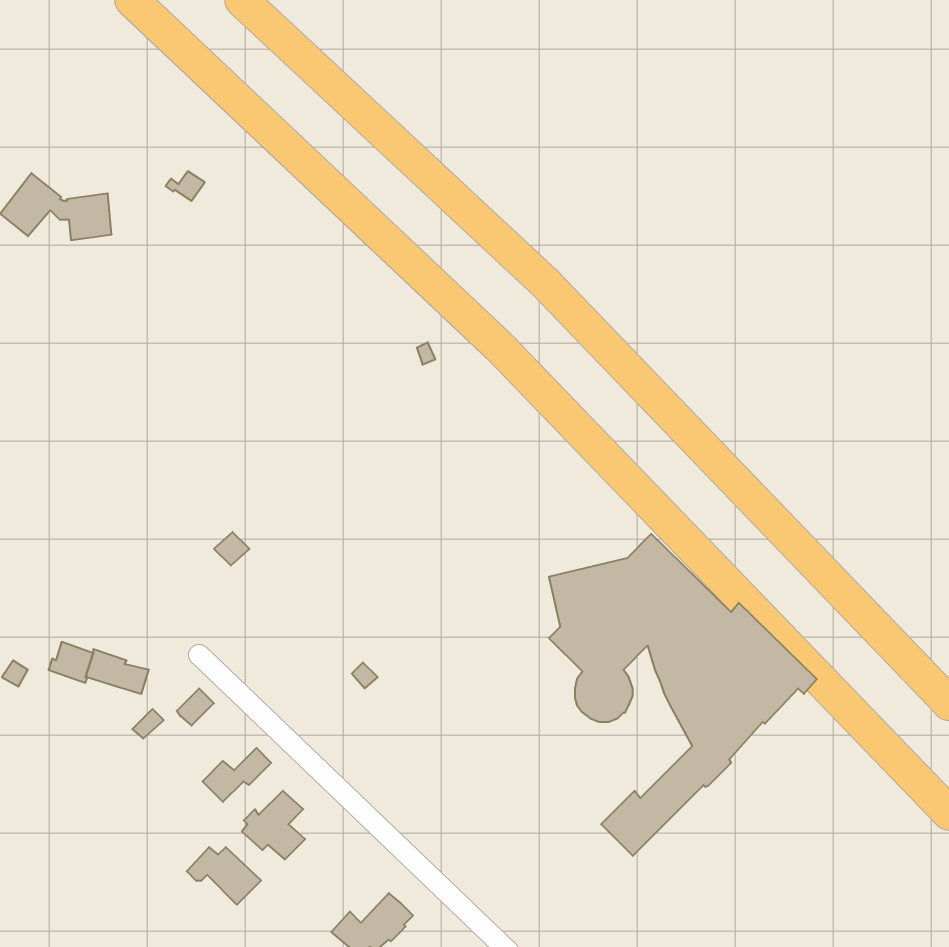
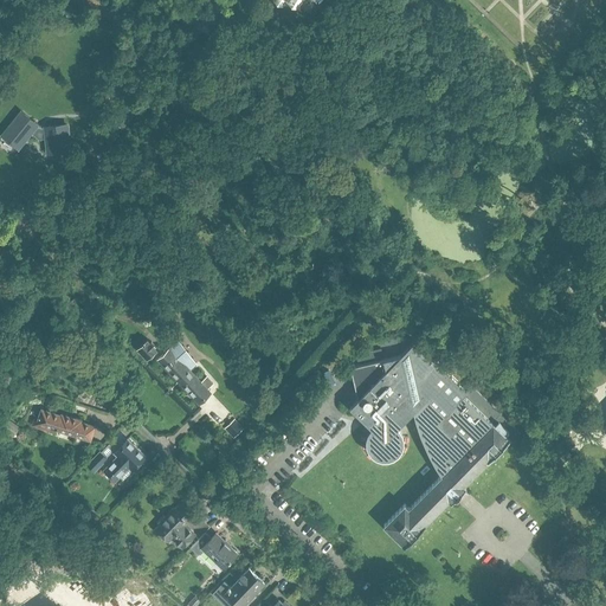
building: none -> [156,342,212,407]
building: [202,748,271,802] -> [102,450,146,484]
building: [187,847,261,905] -> [189,535,237,572]

